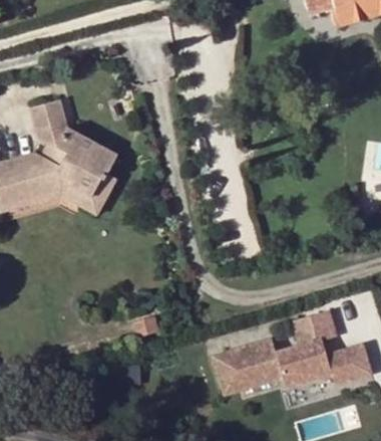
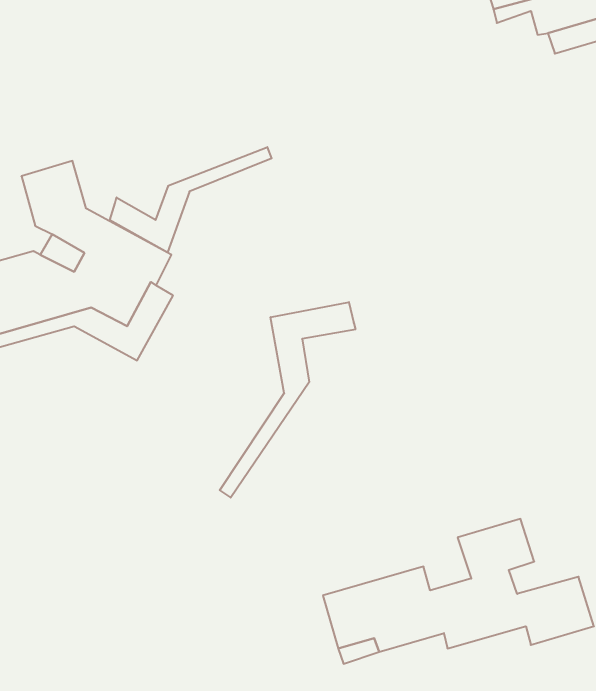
building: none -> [110,147,272,253]
building: none -> [220,302,355,498]

